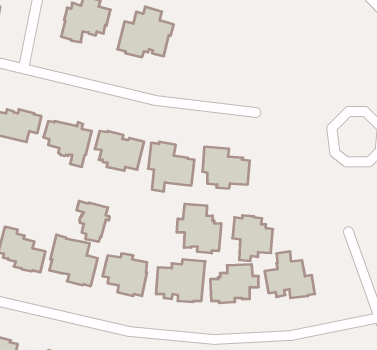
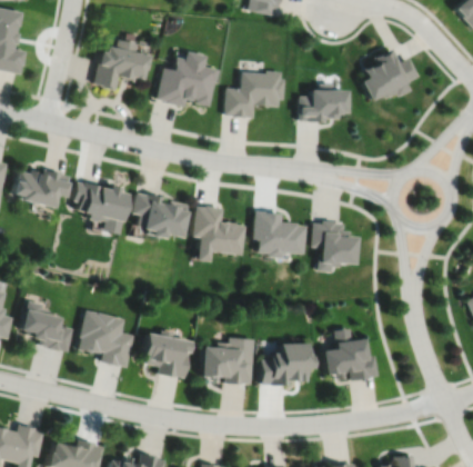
building: none -> [362,50,419,103]
building: none -> [225,72,285,120]
building: none -> [300,86,348,125]
building: [77,201,109,242] -> none
building: [177,204,221,253] -> none
building: [232,215,273,261] -> [311,220,356,271]

